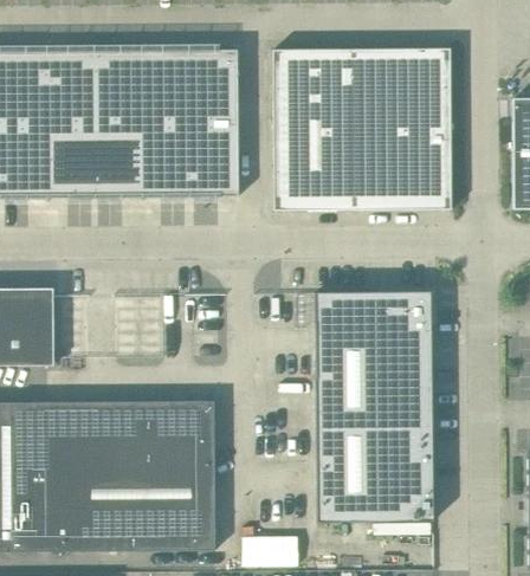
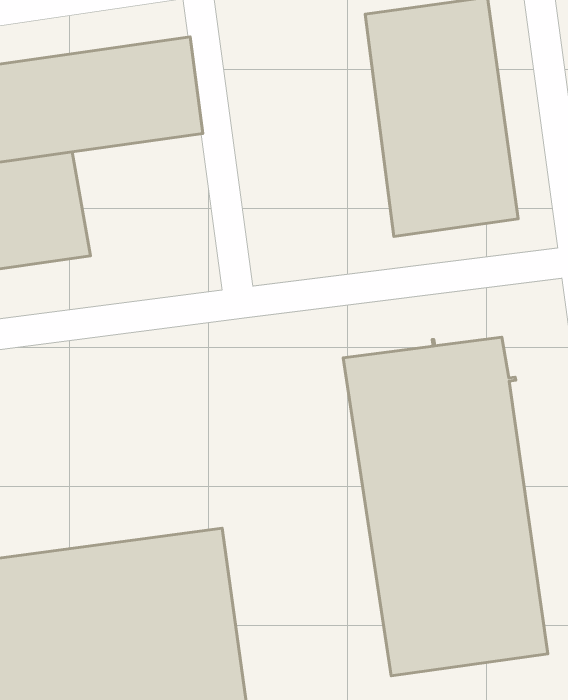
building: [273,48,362,211] -> none
building: [141,118,237,195] -> none

